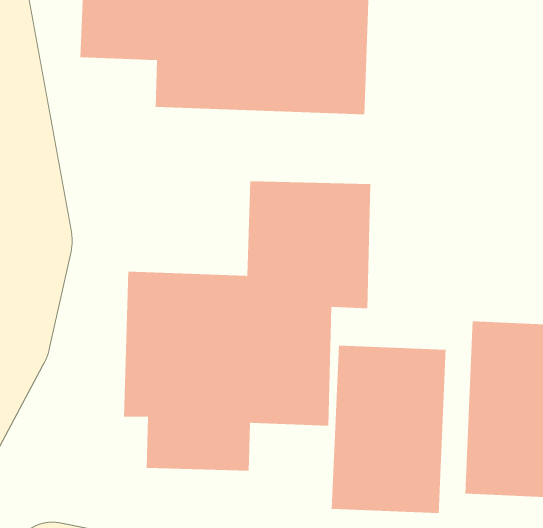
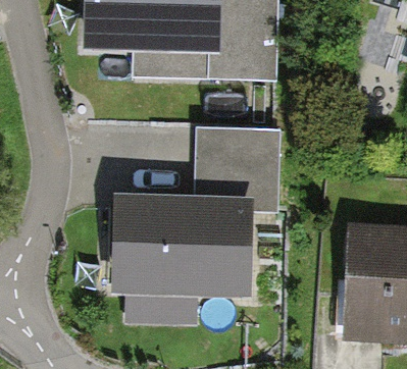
building: [331,345,446,514] -> none

